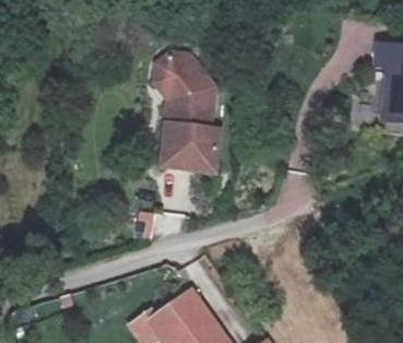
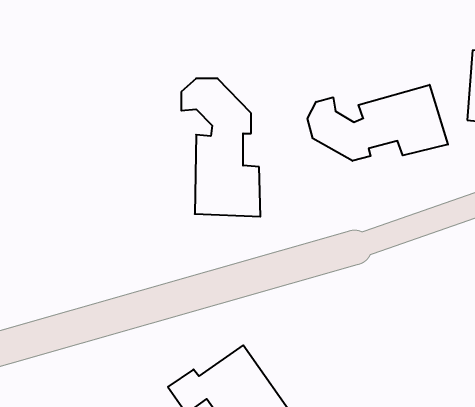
building: none -> [308,85,448,161]

